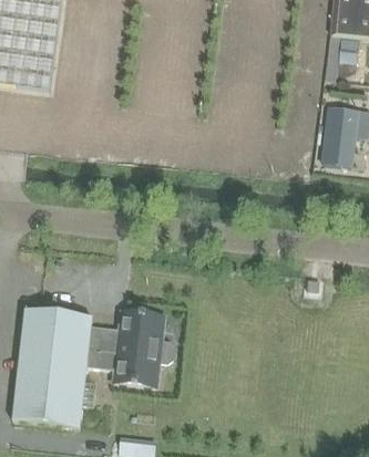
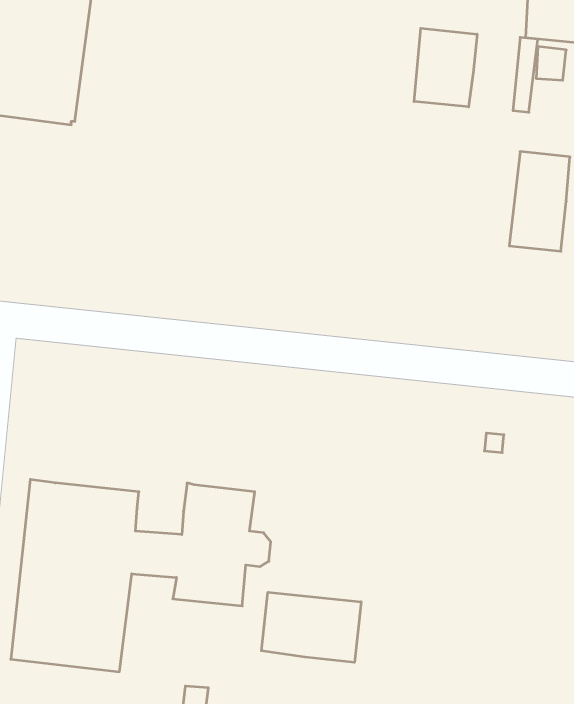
building: none -> [414,28,477,107]
building: none -> [261,592,361,662]

